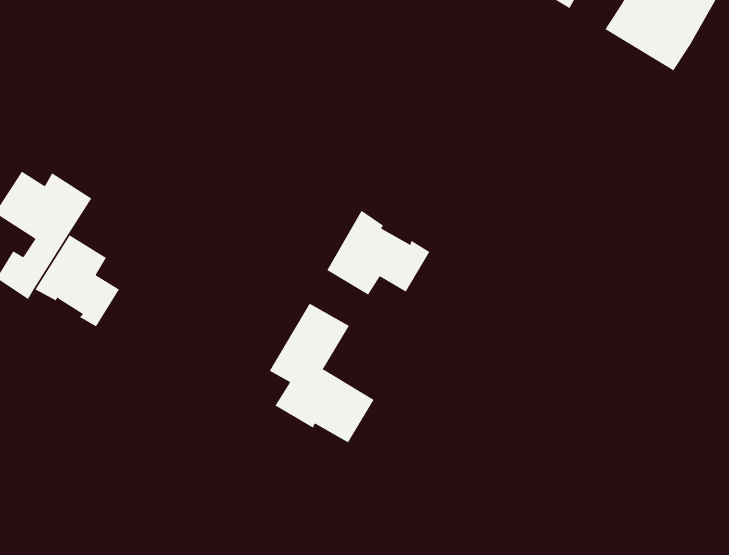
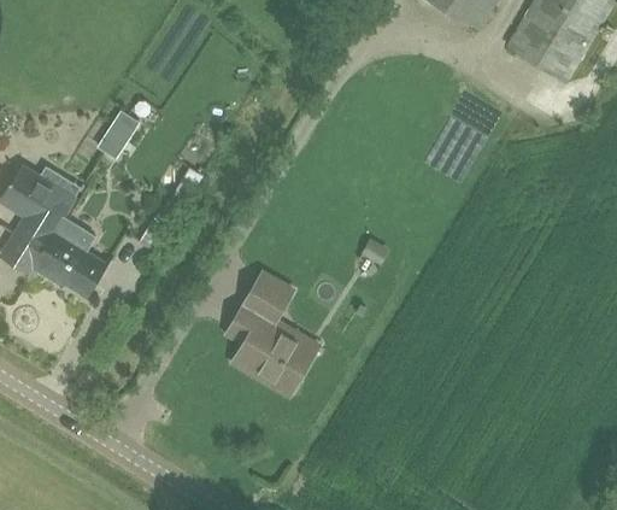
building: none -> [96,109,139,157]
building: [326,210,430,296] -> none

